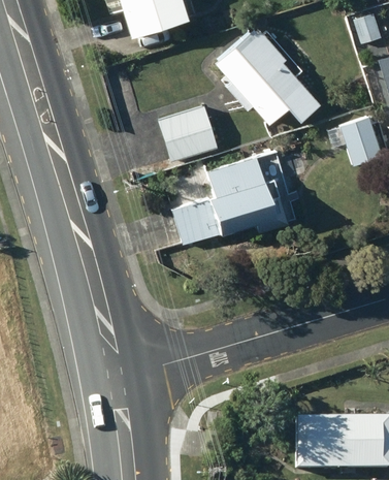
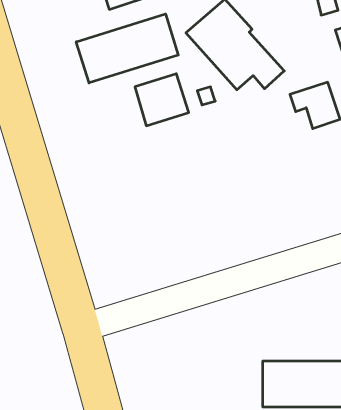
building: none -> [76,14,178,83]
building: [173,156,288,243] -> none

